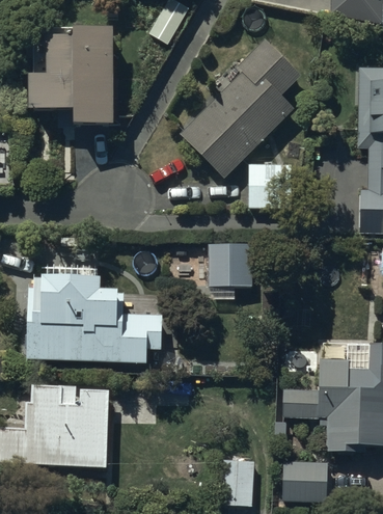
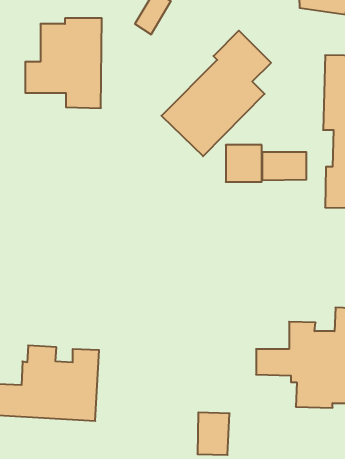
building: none -> [262,152,306,180]
building: [209,243,253,286] -> none
building: [28,275,162,361] -> none
building: [282,462,327,504] -> none

